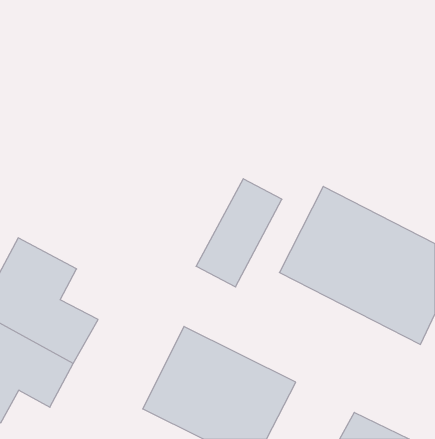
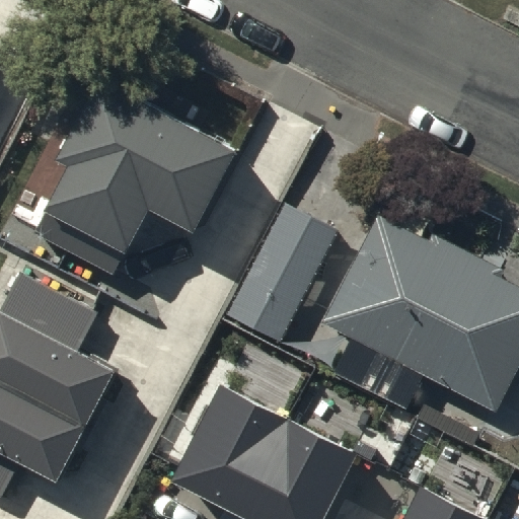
building: none -> [40,84,233,270]

